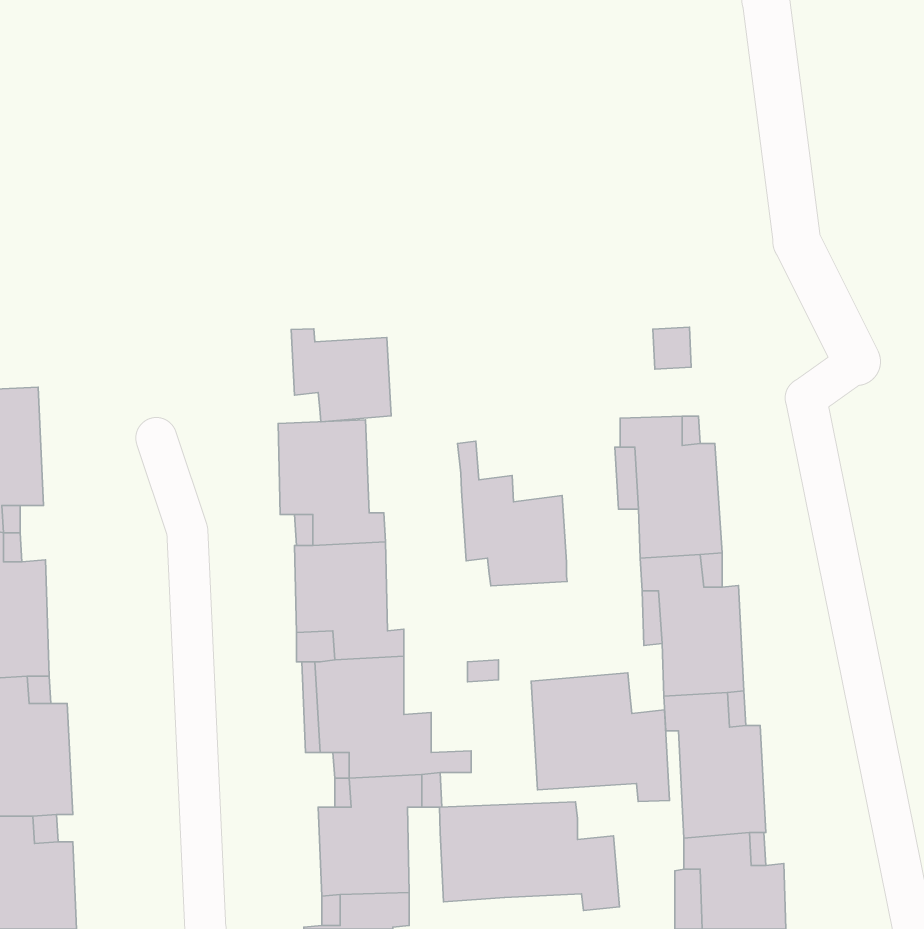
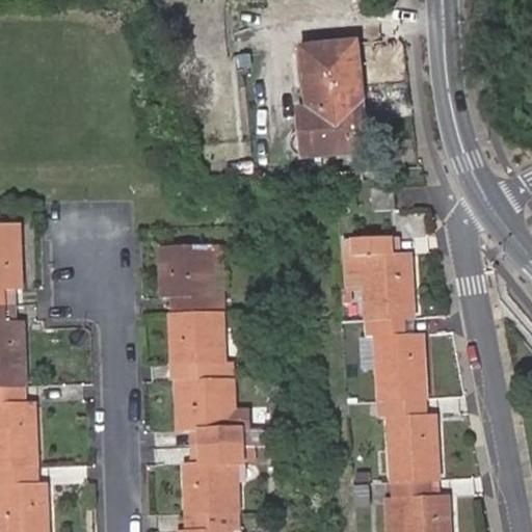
building: none -> [287,41,366,156]
building: [291,329,391,422] -> none
building: [458,441,567,586] -> none
building: [531,673,669,802] -> none
building: [440,802,619,911] -> none

